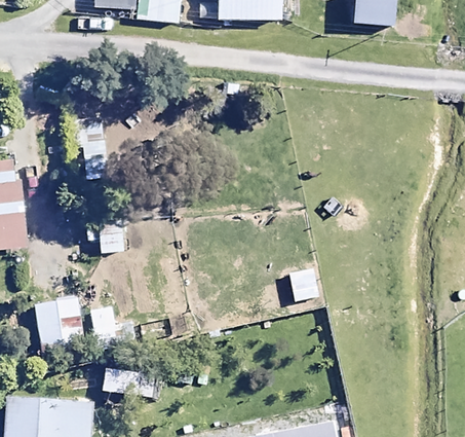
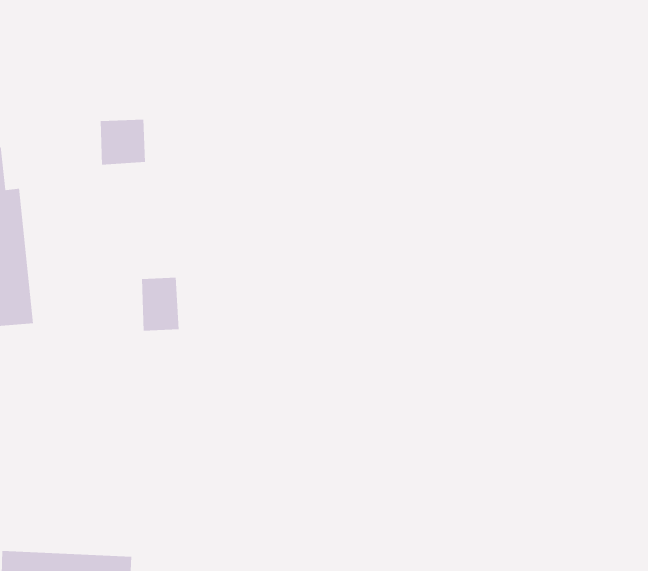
building: [34,296,81,341] -> none

